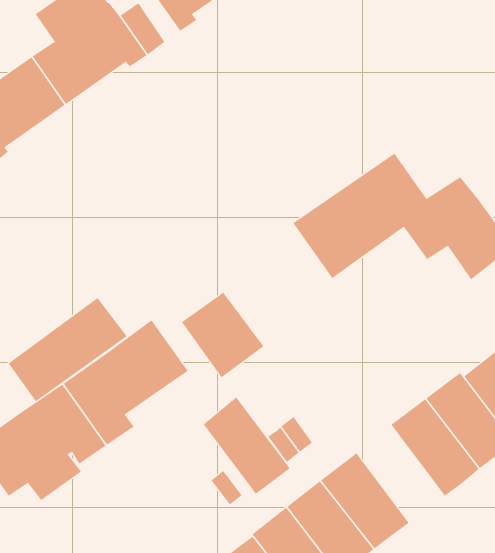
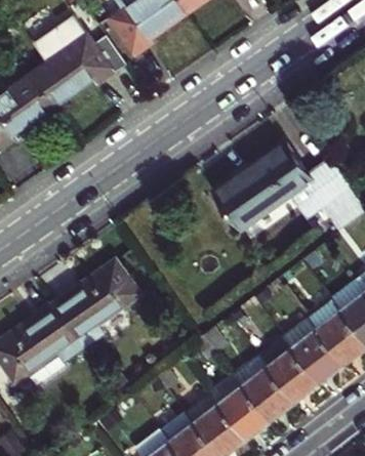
building: [181,292,264,378] -> none
building: [8,297,127,402] -> none
building: [203,397,291,495] -> [258,332,320,401]

